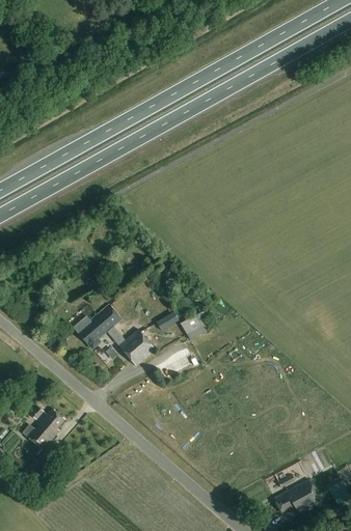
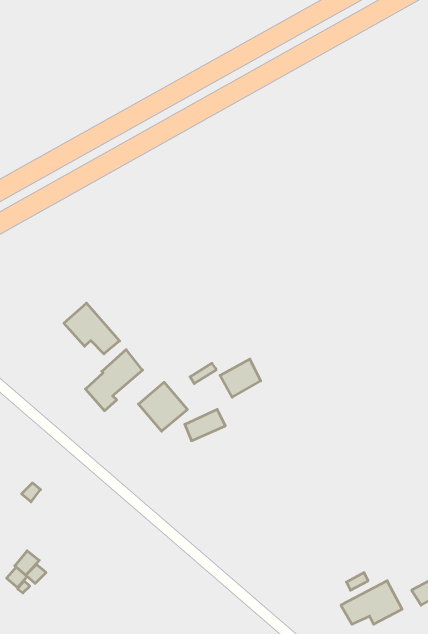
building: none -> [64,303,120,354]
building: [28,407,64,454] -> none

